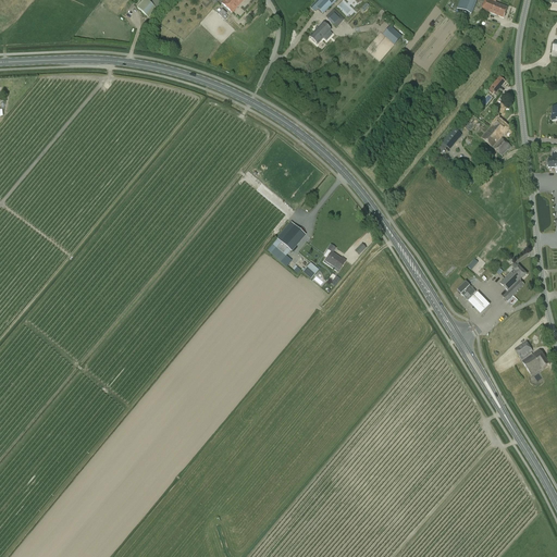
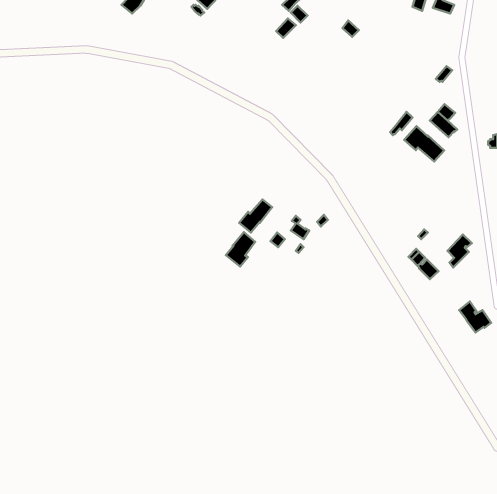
building: none -> [404,126,444,162]
building: none -> [226,232,255,267]

